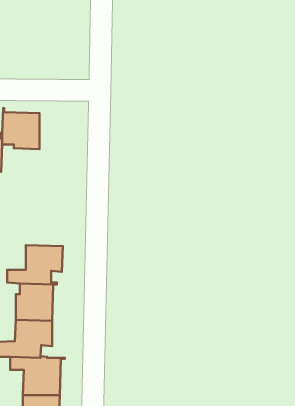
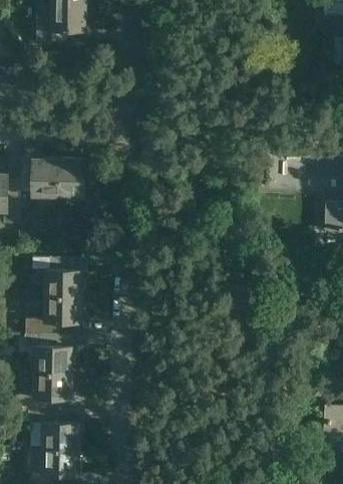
building: none -> [55,161,94,206]
building: none -> [29,258,84,297]

